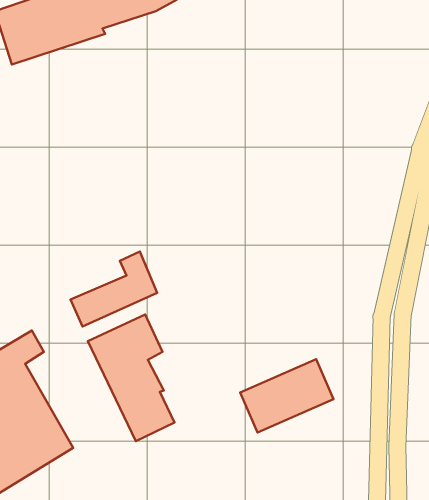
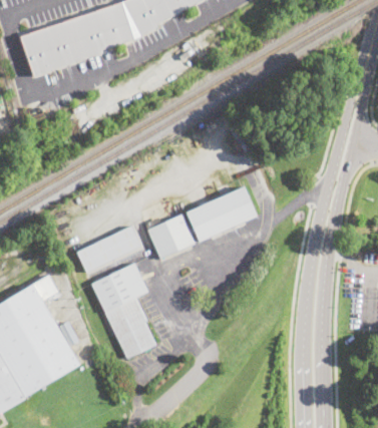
building: none -> [143,212,195,258]
building: [240,359,334,433] -> [185,186,256,242]

